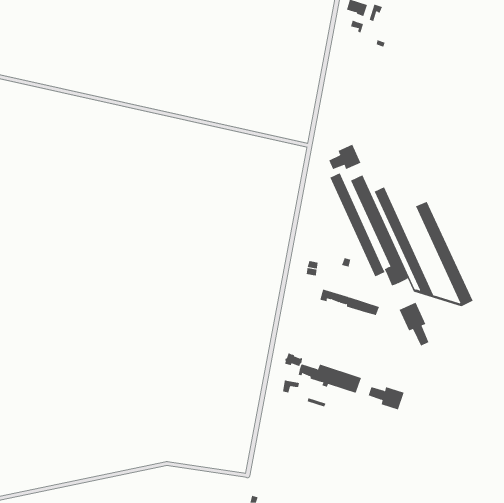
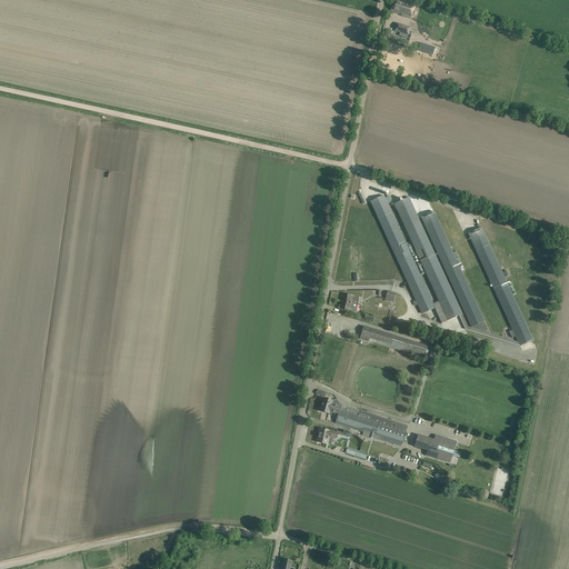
building: [329,144,361,170] -> none
building: [399,302,429,346] -> none

